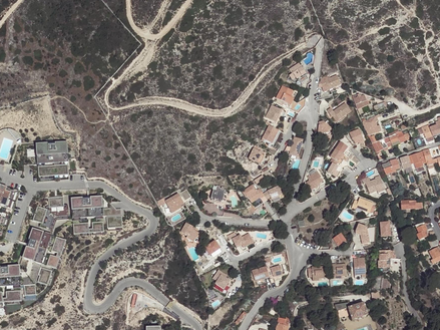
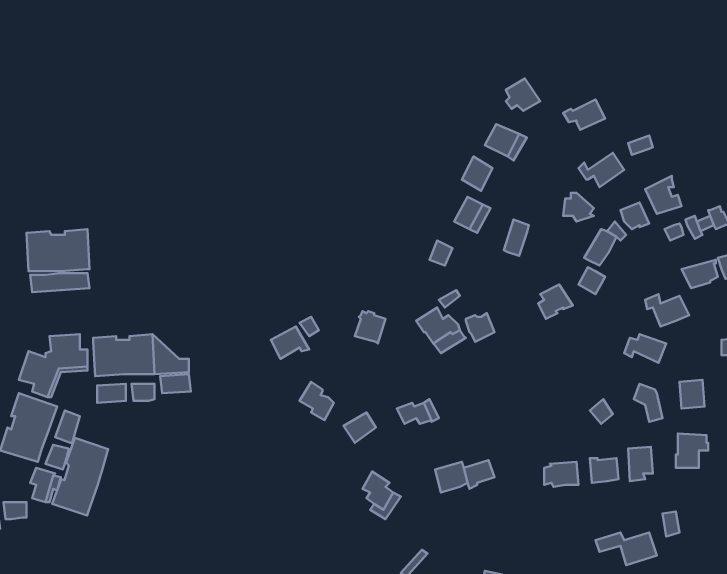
building: none -> [52,438,108,515]

